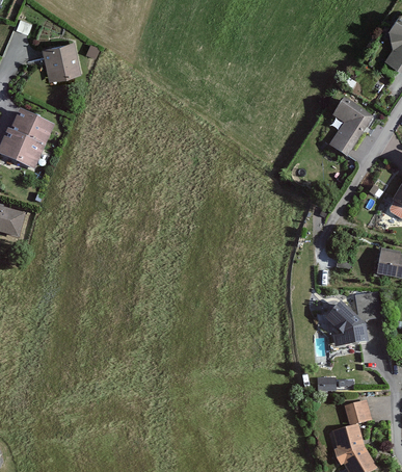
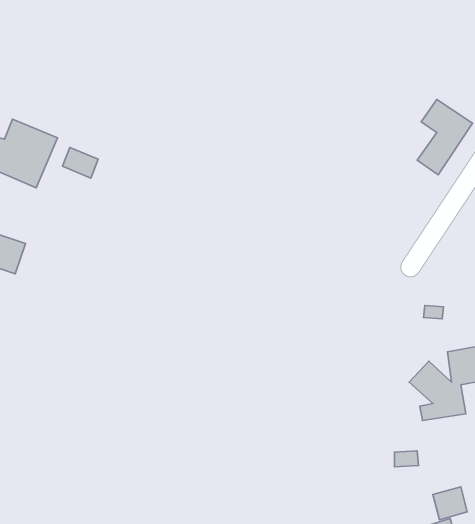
building: [37,36,81,79] -> none
building: none -> [63,147,98,178]

